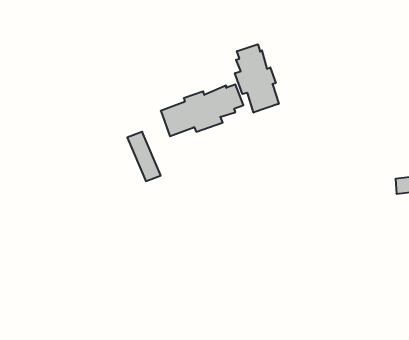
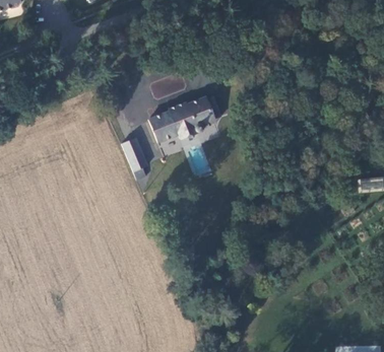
building: [235,44,279,113] -> none

